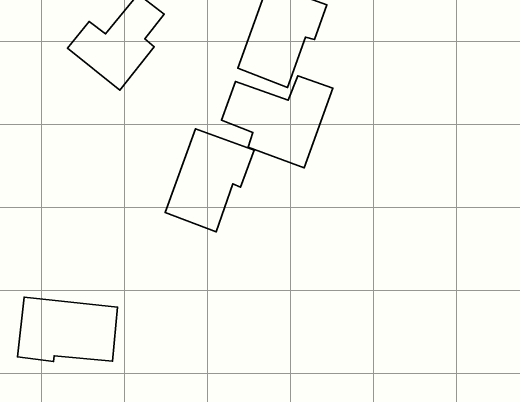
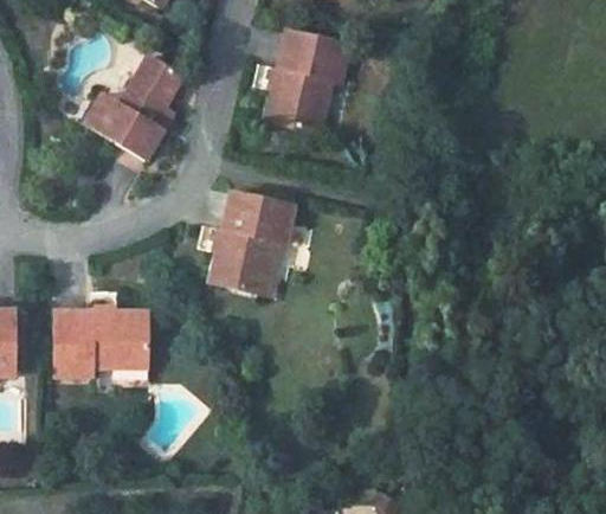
building: [221,76,333,168] -> none
building: [18,297,117,361] -> [52,309,153,374]

